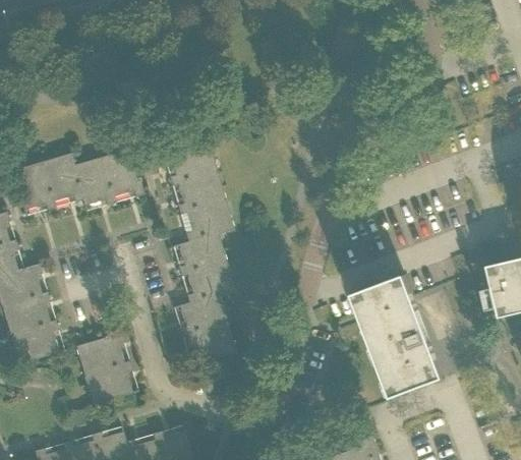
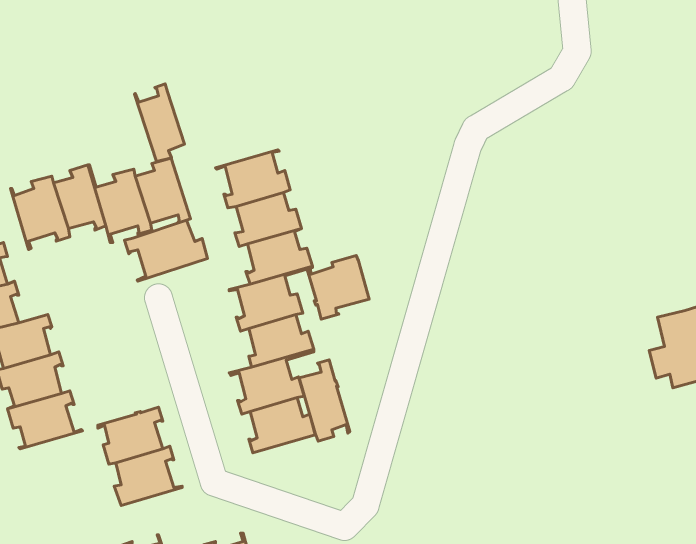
building: none -> [134,84,184,162]
building: none -> [124,220,207,281]
building: none -> [307,256,369,319]
building: [349,276,441,399] -> none
building: none -> [299,360,350,441]

